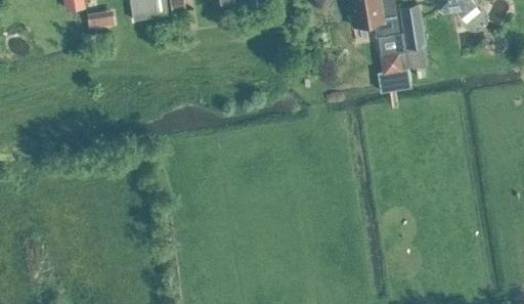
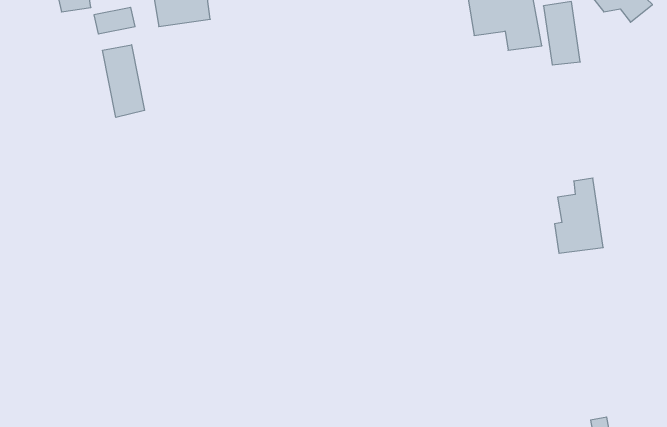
building: none -> [103,45,145,117]
building: [378,39,411,91] -> [555,178,603,253]

